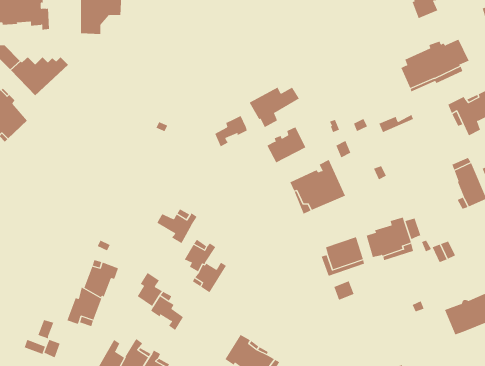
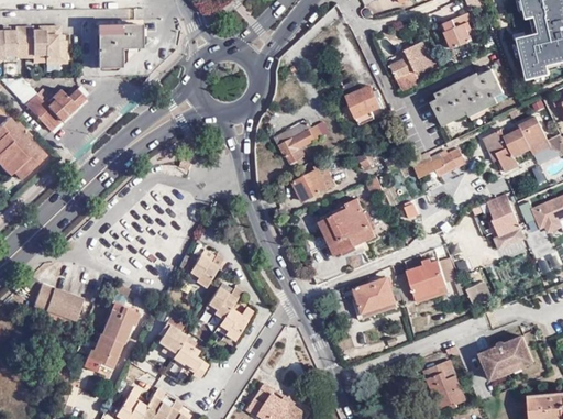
building: none -> [390,42,433,93]
building: none -> [341,80,379,124]
building: none -> [415,150,465,178]
building: [214,115,248,147] -> none
building: none -> [32,283,82,320]
building: none -> [422,360,465,408]

